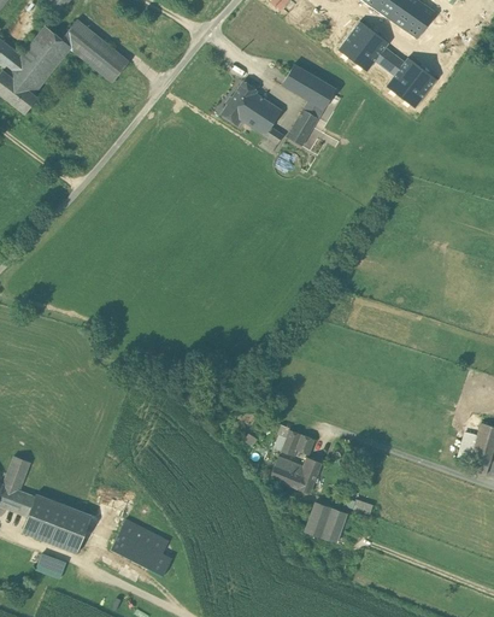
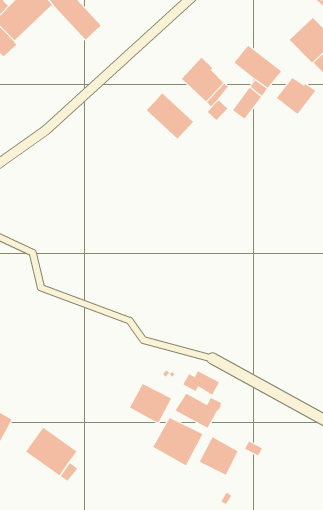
building: none -> [276,77,316,115]
building: none -> [146,92,194,140]
building: none -> [129,383,172,424]
building: none -> [153,417,203,466]

